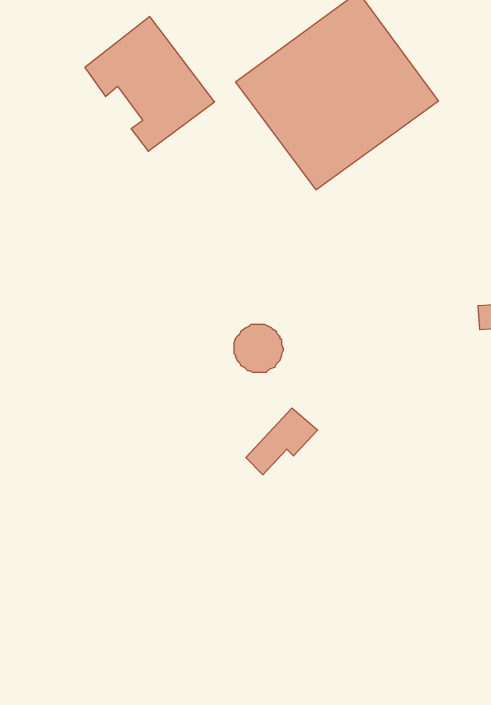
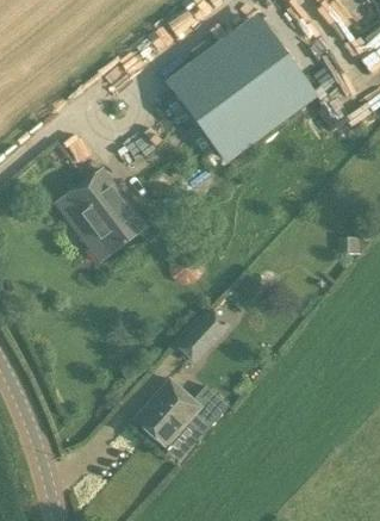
building: [85,16,215,151] -> [56,167,147,261]
building: none -> [133,378,229,447]

